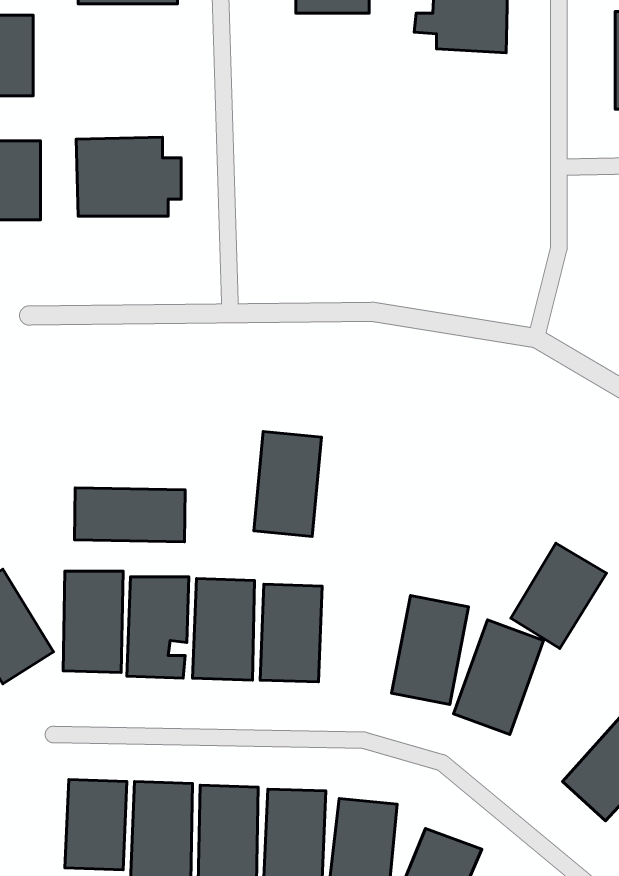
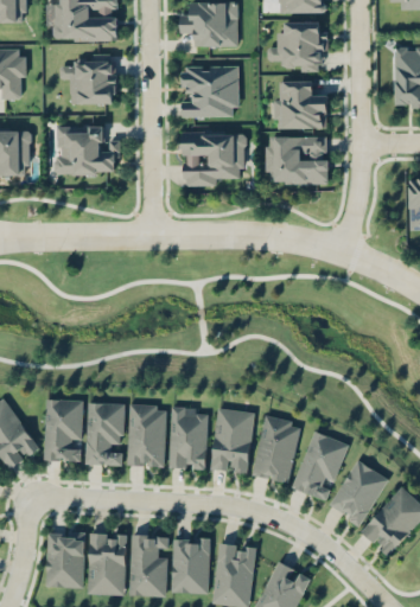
building: none -> [61,55,116,104]
building: none -> [182,66,238,117]
building: none -> [274,81,326,129]
building: none -> [183,132,247,186]
building: none -> [266,136,329,185]
building: [254,431,321,537] -> [211,408,254,474]
building: [75,488,185,542] -> none
building: [511,543,607,648] -> [329,460,389,526]

